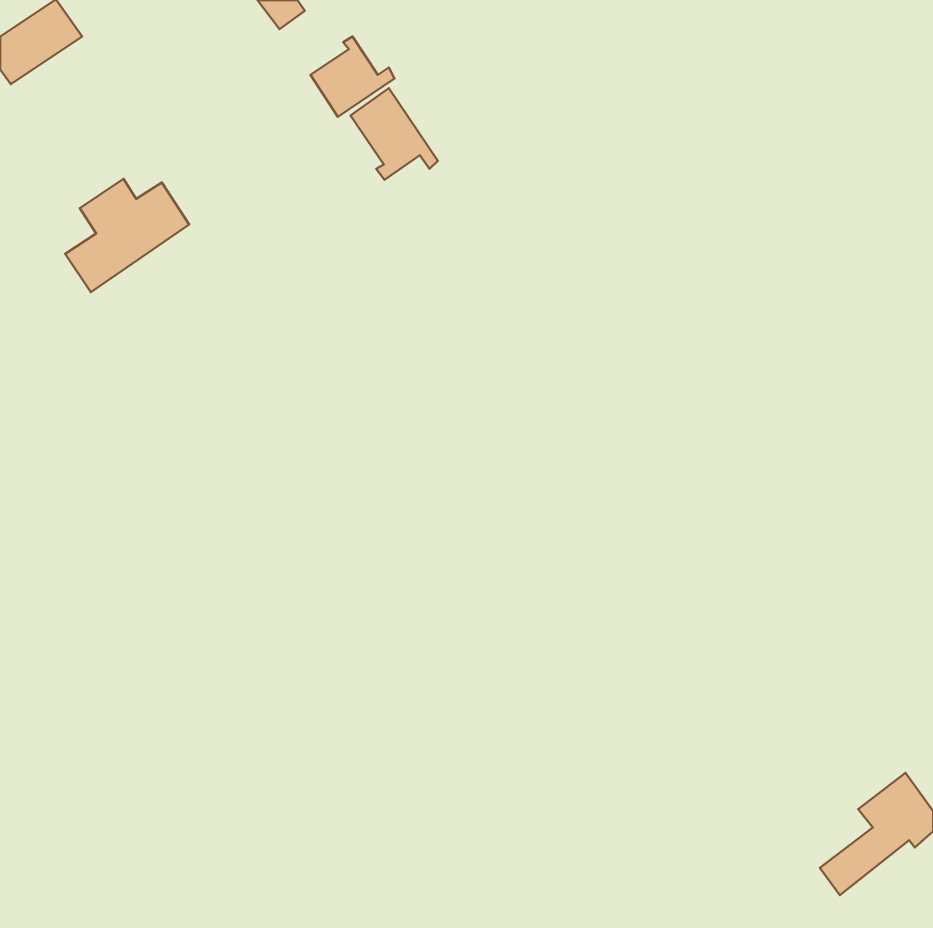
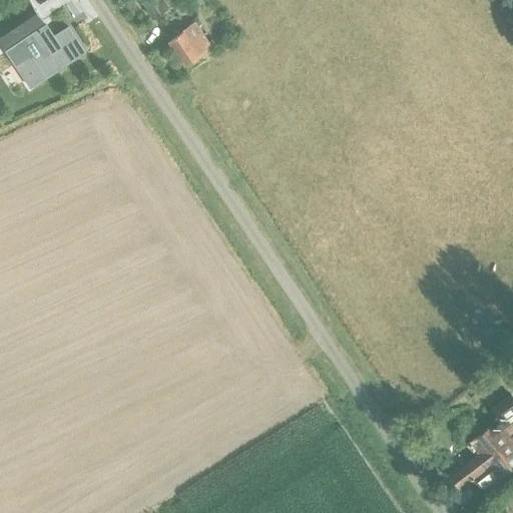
building: [350,88,438,180] -> none
building: [65,179,189,292] -> [16,27,84,89]

